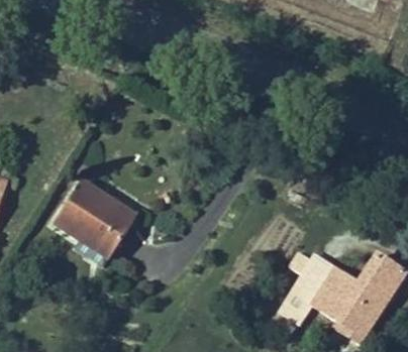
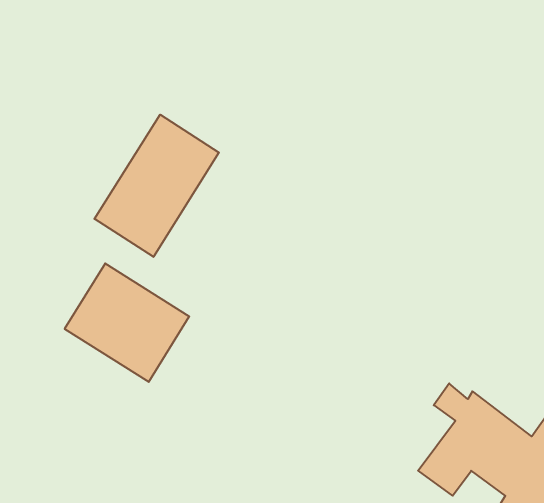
building: none -> [94,115,219,257]

